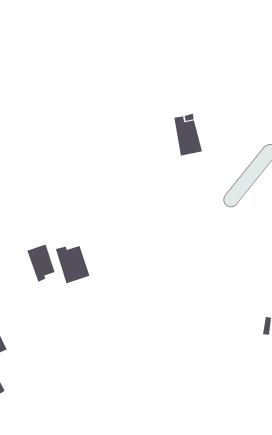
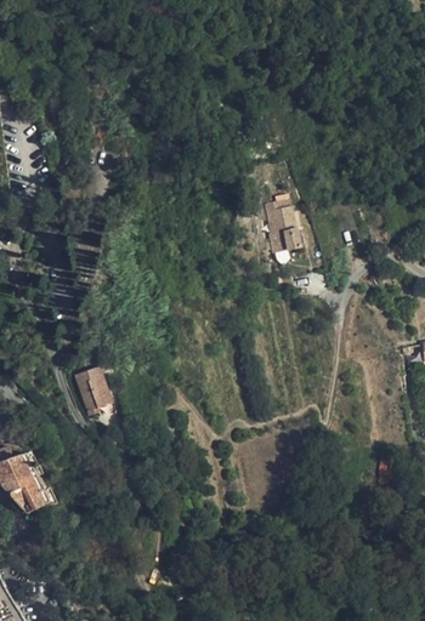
building: [55,245,90,284] -> none

